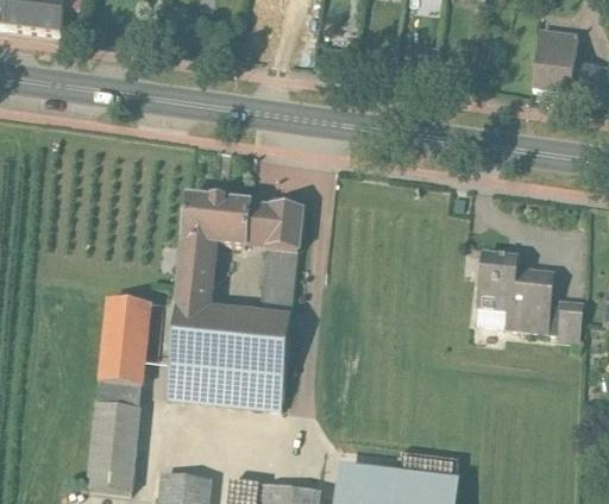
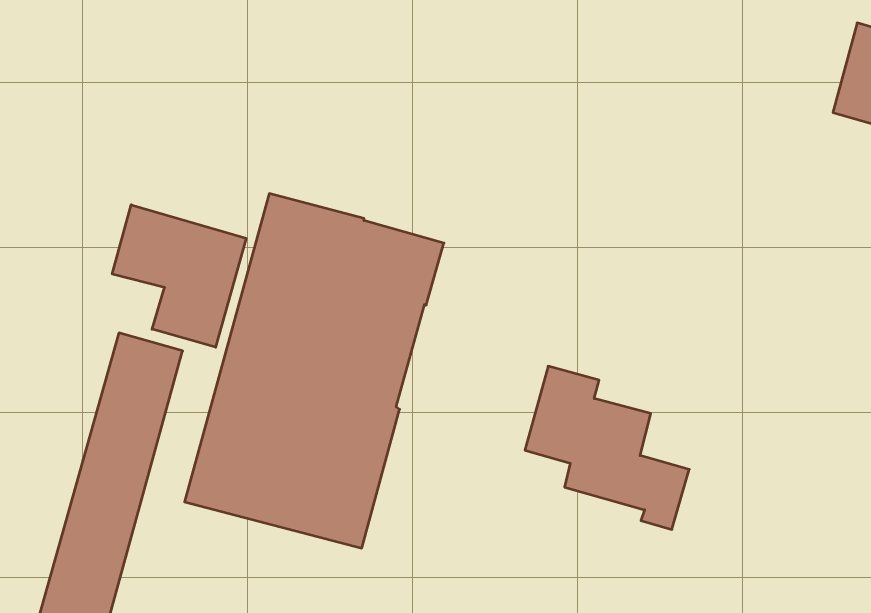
building: none -> [112,205,246,347]
building: [477,252,582,341] -> [525,366,689,529]

